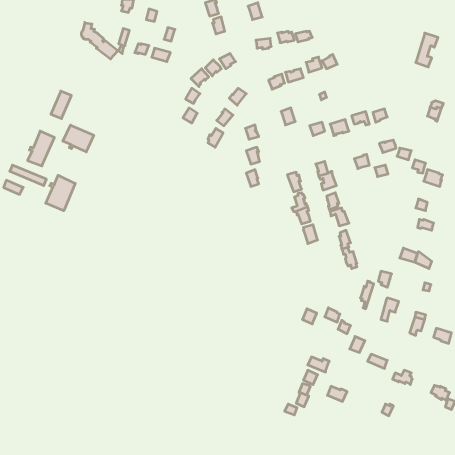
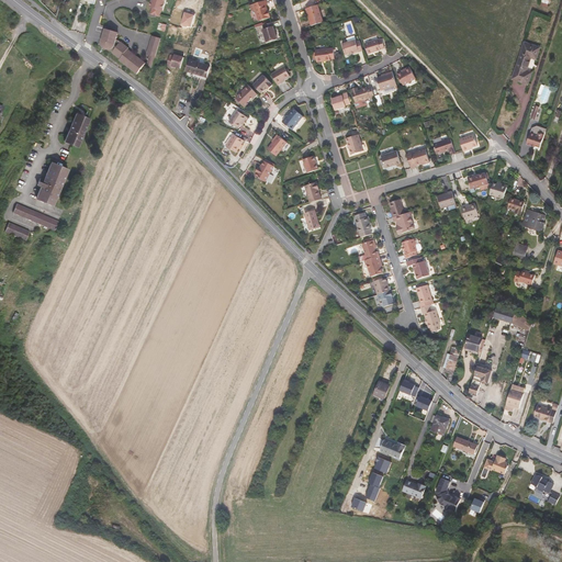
building: [63,125,94,152] -> none
building: [46,175,75,211] -> none
building: none -> [434,477,460,513]

